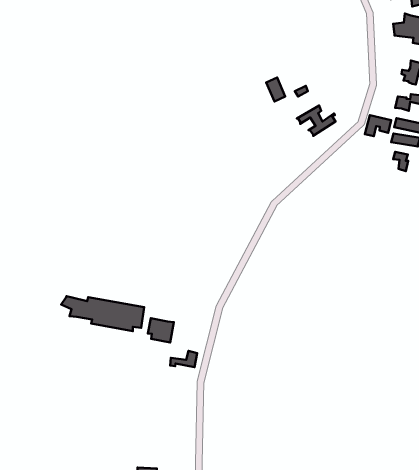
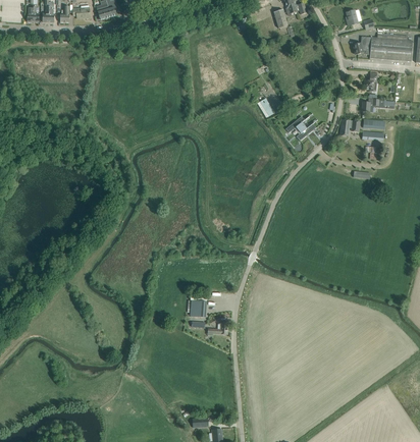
building: [61,296,144,331] -> none

